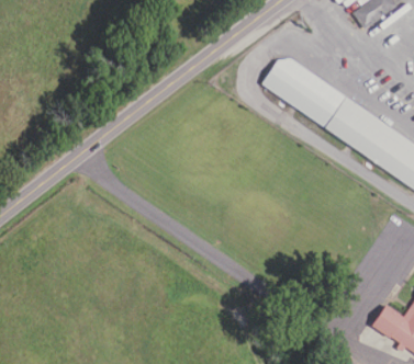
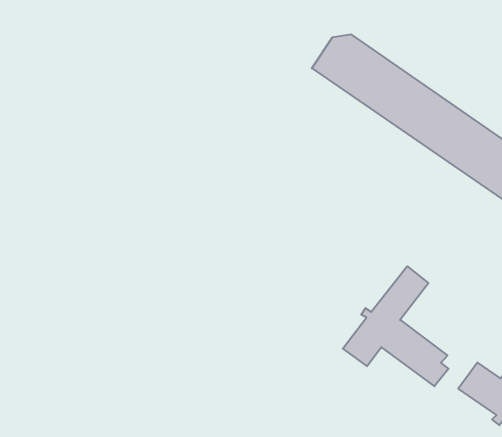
building: none -> [343,266,448,386]

